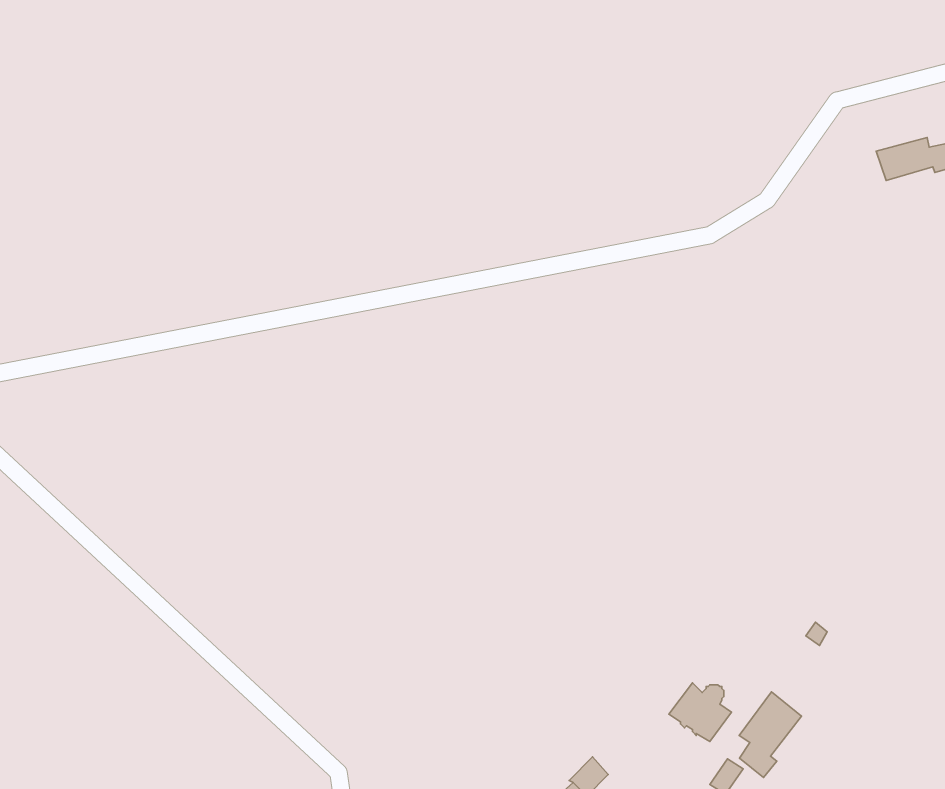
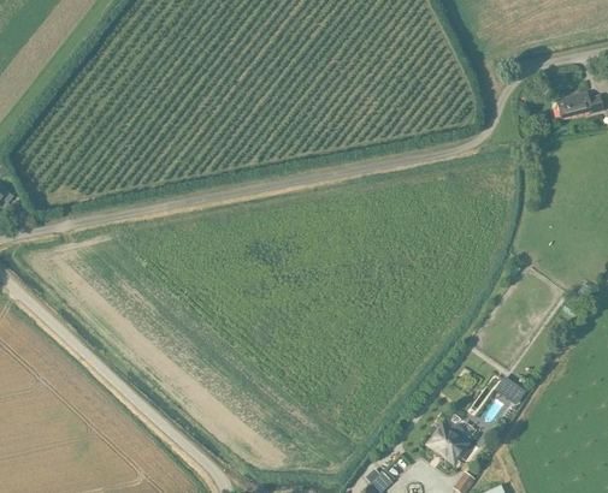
building: [739,692,802,778] -> none

